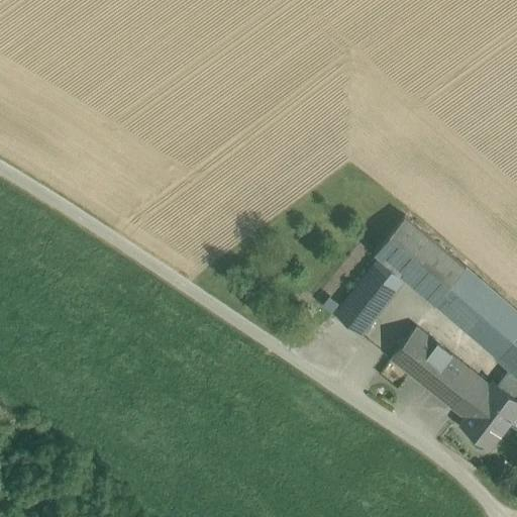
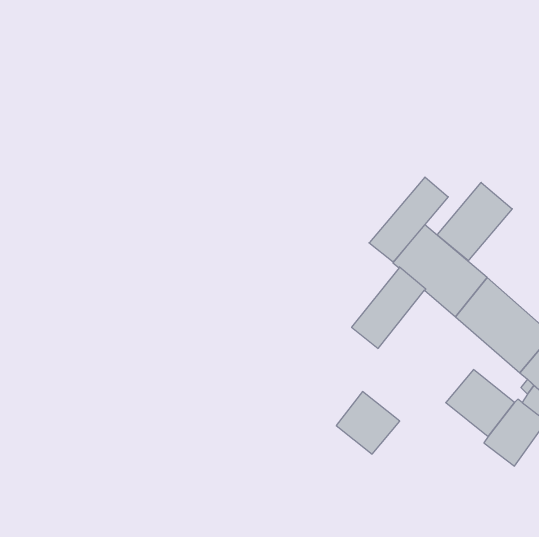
building: none -> [369,177,448,262]
building: none -> [436,182,512,261]
building: [393,328,453,388] -> [336,392,400,454]

